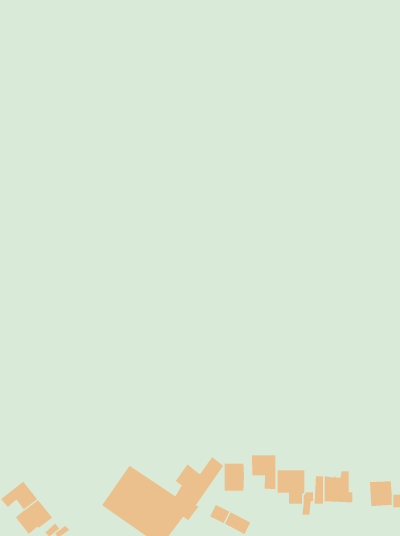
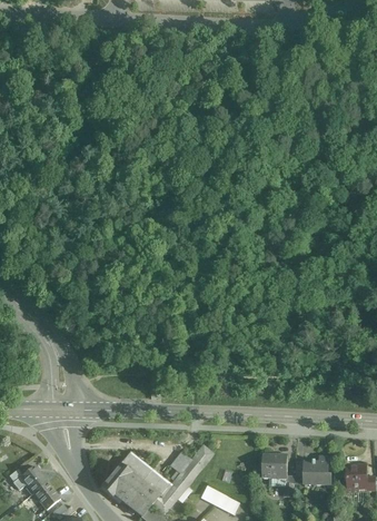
building: [251,455,276,490] -> none
building: [224,463,244,491] -> none

